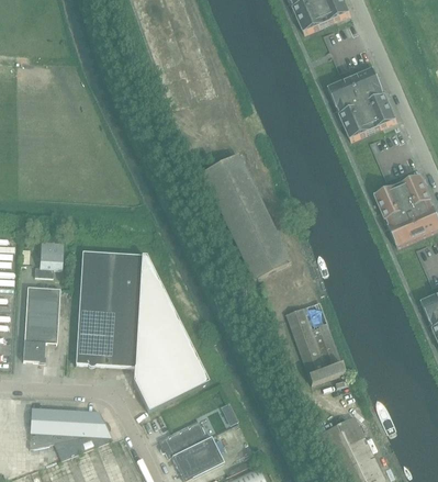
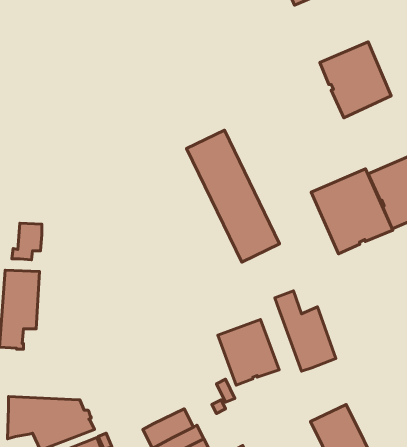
building: none -> [311,169,393,254]
building: [74,250,207,411] -> none
building: none -> [218,320,279,385]

